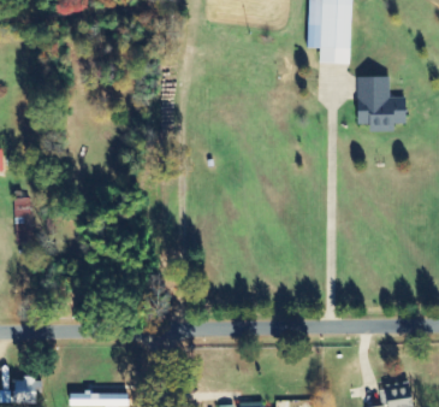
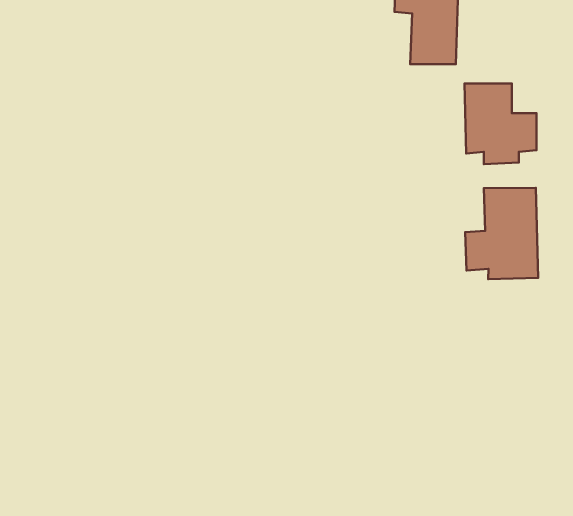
building: none -> [465,188,538,279]

